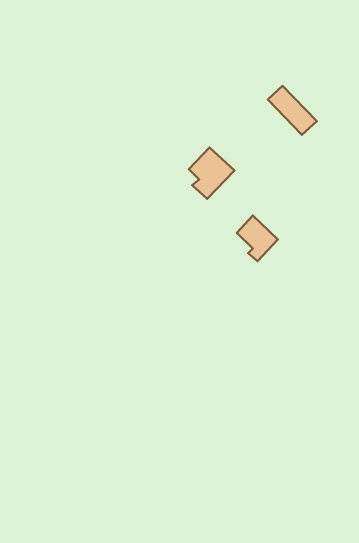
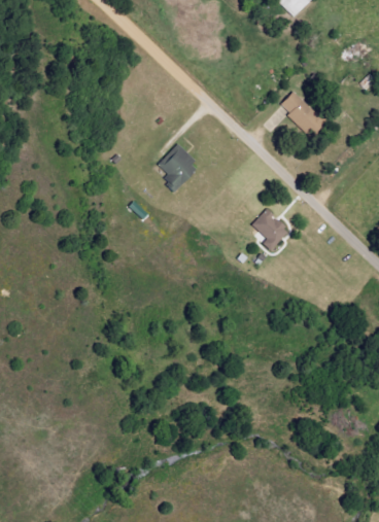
building: [189,148,234,199] -> [159,145,200,192]

